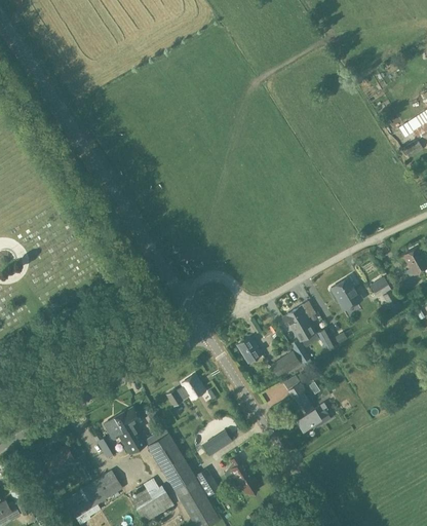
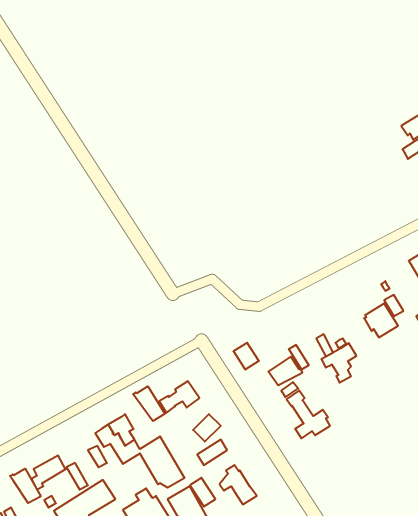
building: [329,277,362,310] -> [364,303,398,337]
building: [282,302,316,340] -> [321,343,356,383]
building: none -> [133,386,165,421]
building: none -> [10,469,41,503]

